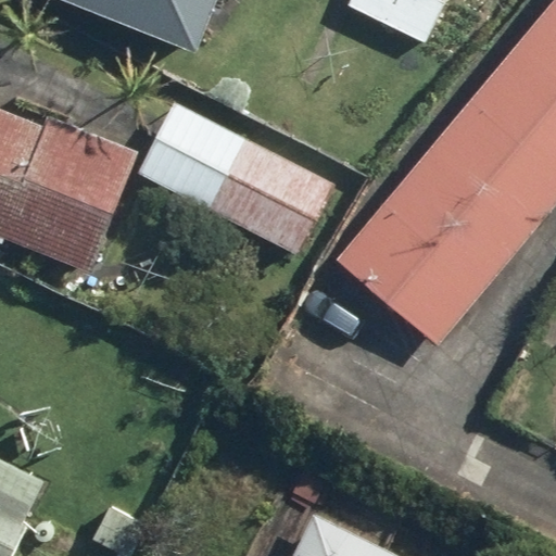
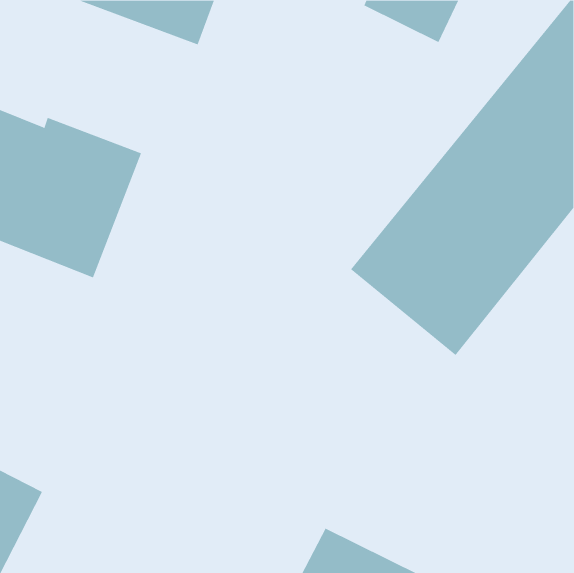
building: [140,106,332,256] -> none

